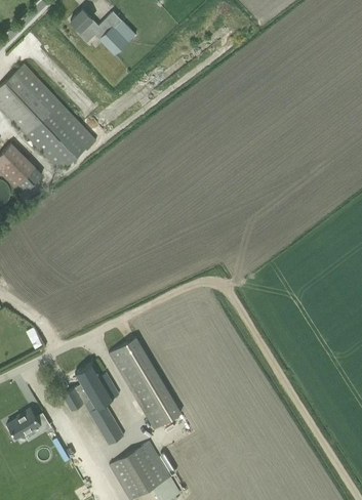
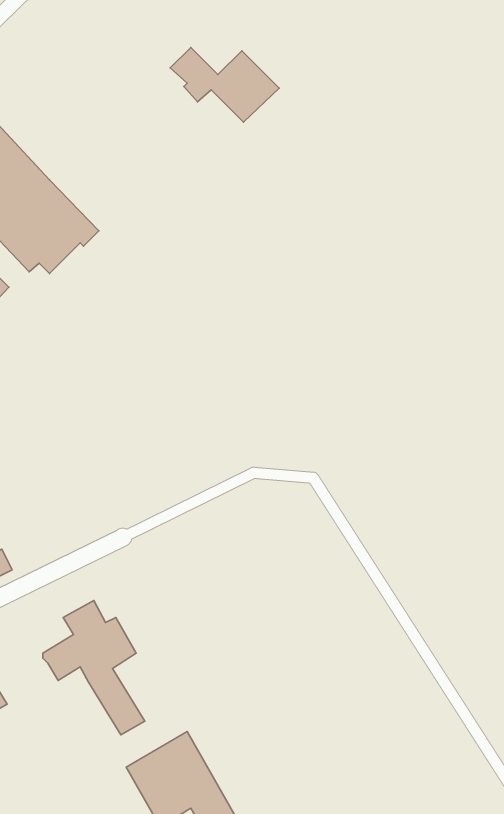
building: [70,9,135,54] -> [170,47,279,122]
building: [108,337,186,429] -> none

